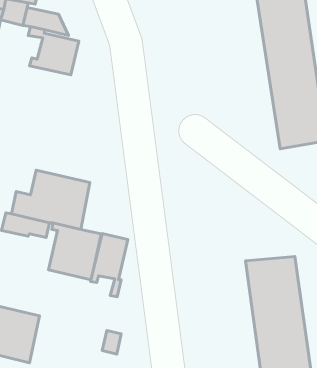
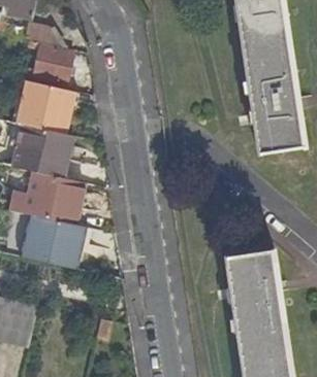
building: none -> [15,80,75,134]
building: none -> [25,134,72,171]
building: [91,234,128,297] -> none

